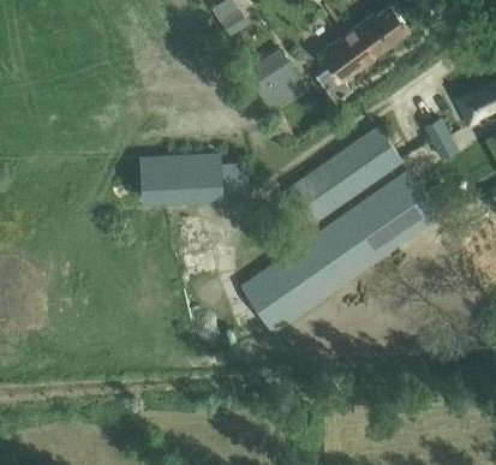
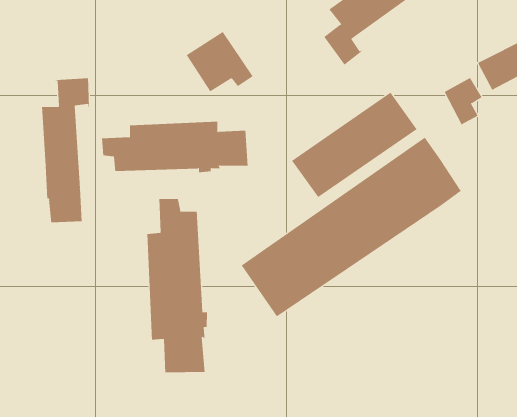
building: [247,52,309,107] -> [186,31,254,92]
building: none -> [42,77,90,223]
building: none -> [147,198,207,373]

